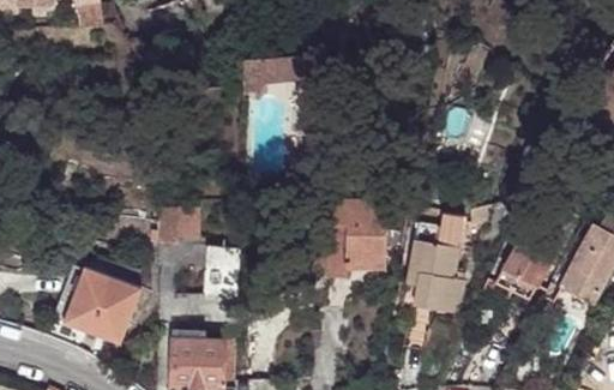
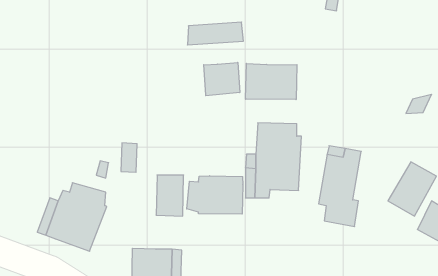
building: none -> [204,62,240,96]
building: none -> [246,63,297,100]
building: none -> [187,176,243,214]

